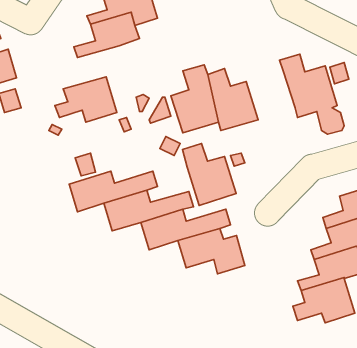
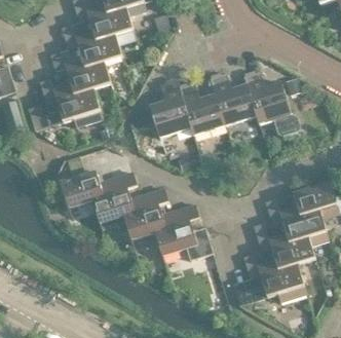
building: none -> [53,64,110,101]
building: [182,143,236,205] -> [209,74,255,127]

